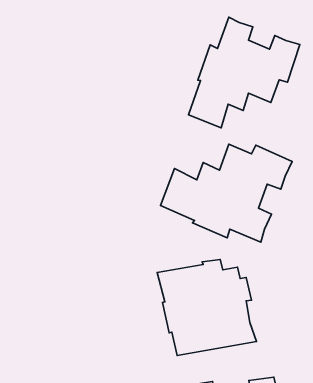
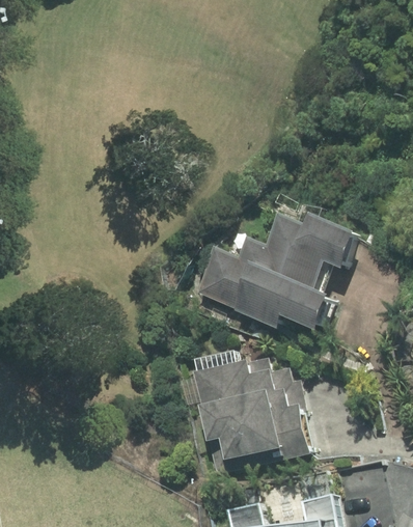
building: [189,17,300,128] -> none

